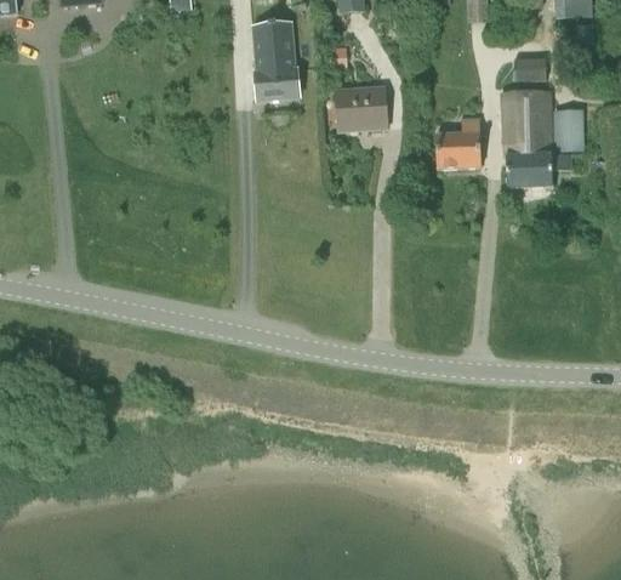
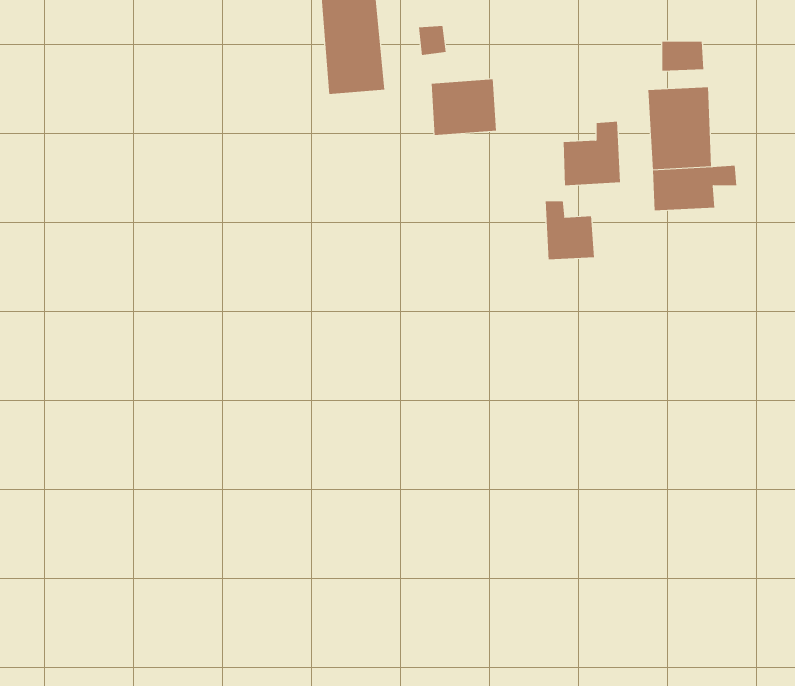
building: [553,107,583,149] -> none
building: none -> [545,200,594,260]

